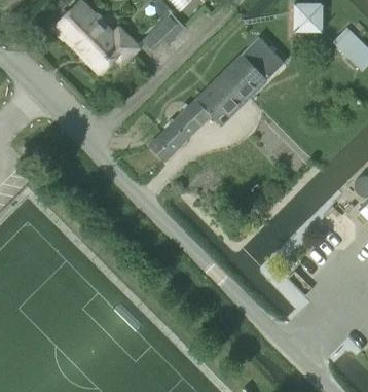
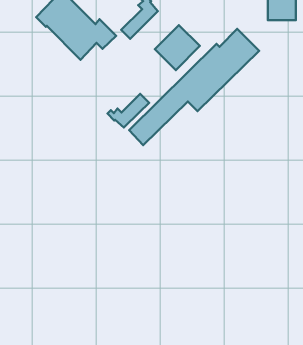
building: none -> [155,25,200,70]
building: none -> [107,94,149,128]

